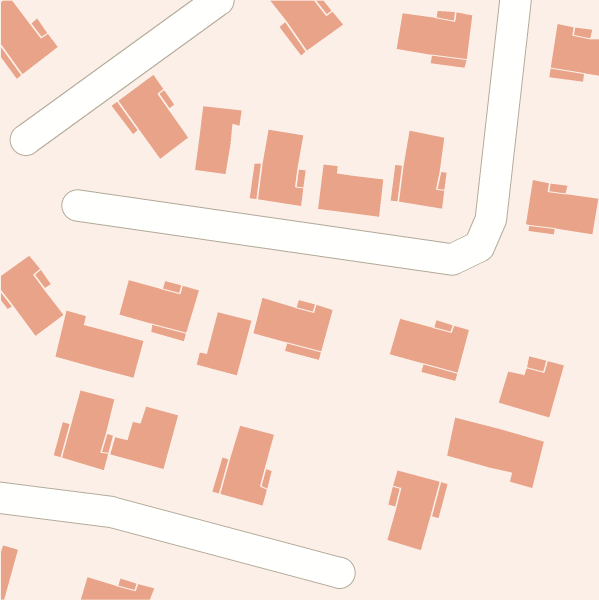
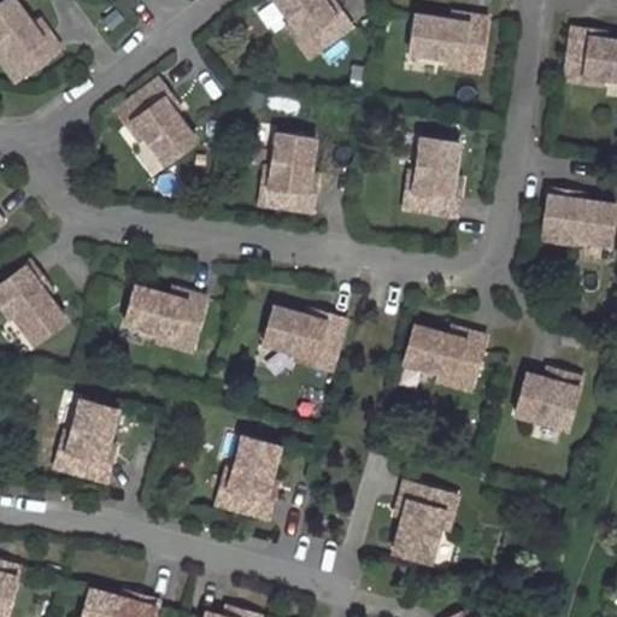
building: [195,106,242,175] -> none
building: [317,164,384,217] -> none
building: [55,310,144,378] -> none
building: [196,312,252,376] -> none
building: [109,406,179,470] -> none
building: [447,417,544,489] -> none

